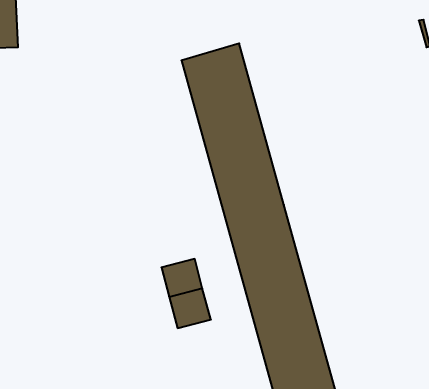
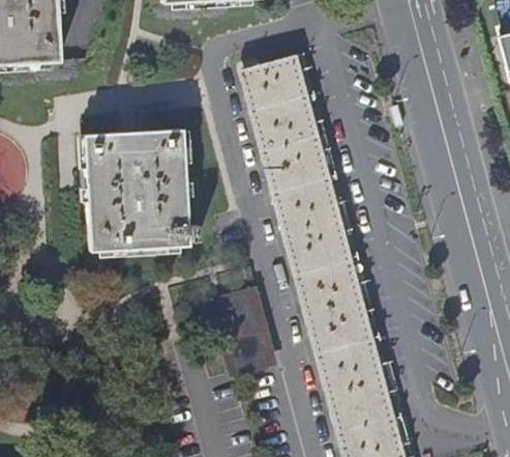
building: none -> [83,127,188,248]

